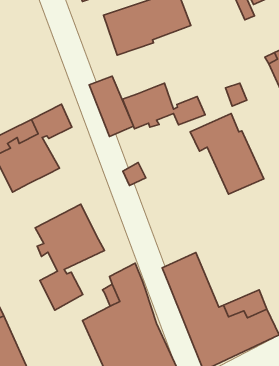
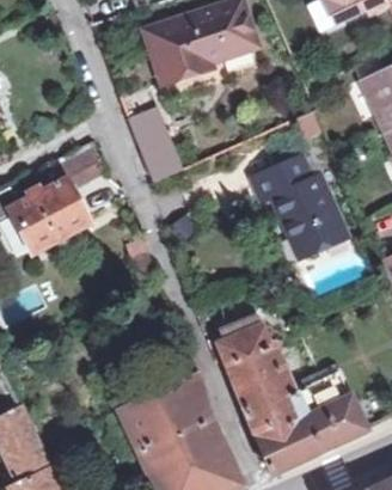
building: [123,83,205,129] -> none
building: [35,204,104,310] -> none

